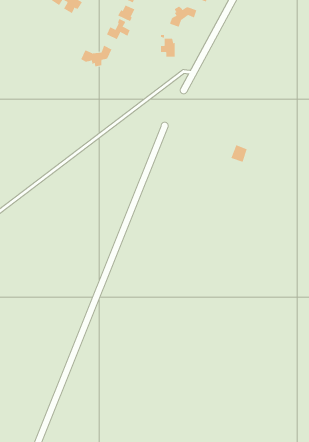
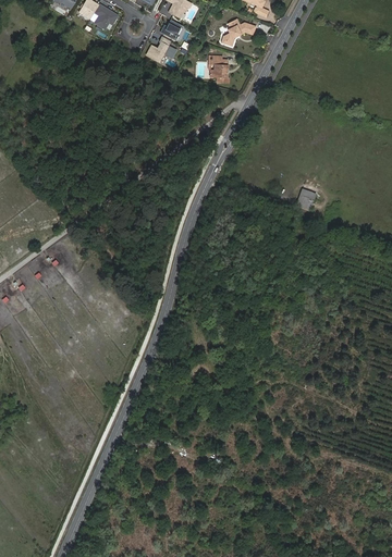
building: [80,45,112,67] -> none

